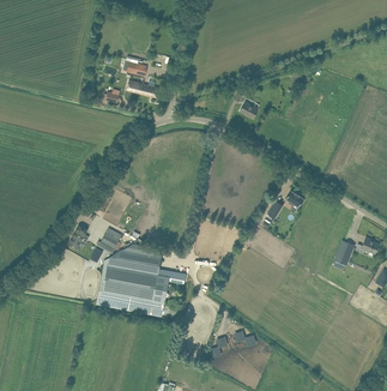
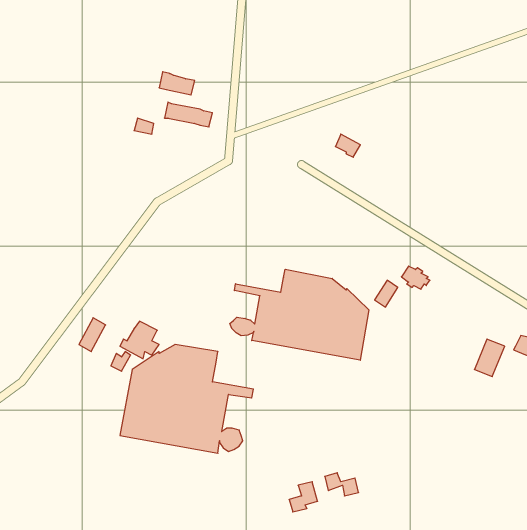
building: none -> [230,269,369,360]

